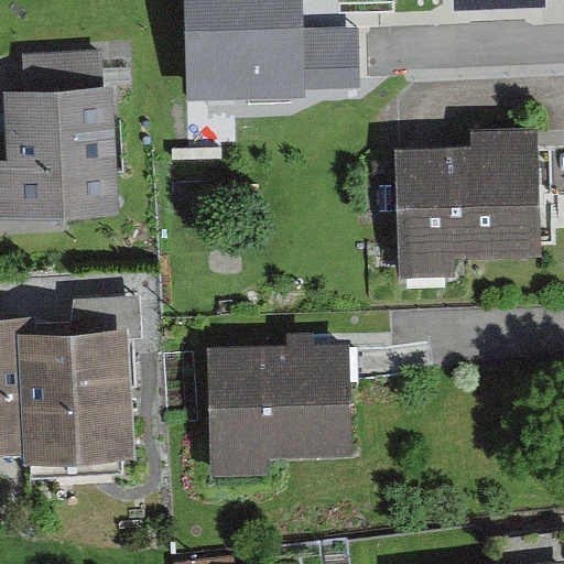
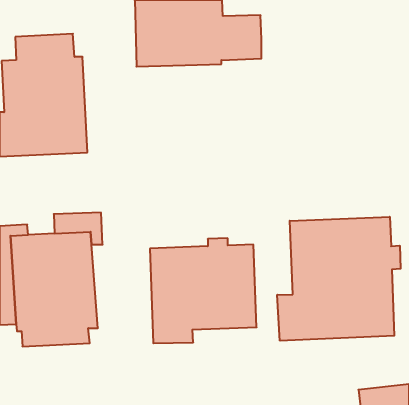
building: [393,129,542,280] -> none
building: none -> [277,217,401,341]

